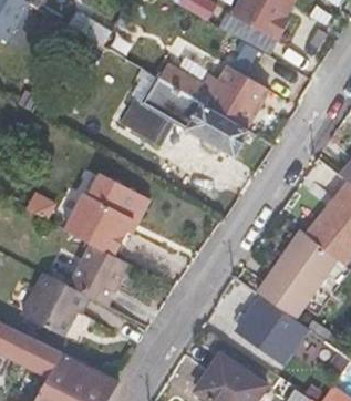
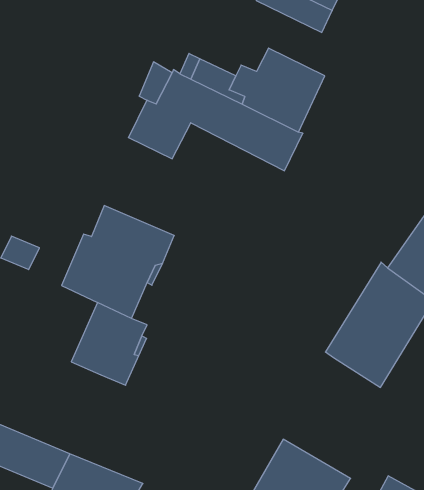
building: [22,273,90,337] -> none
building: [237,296,307,362] -> none

